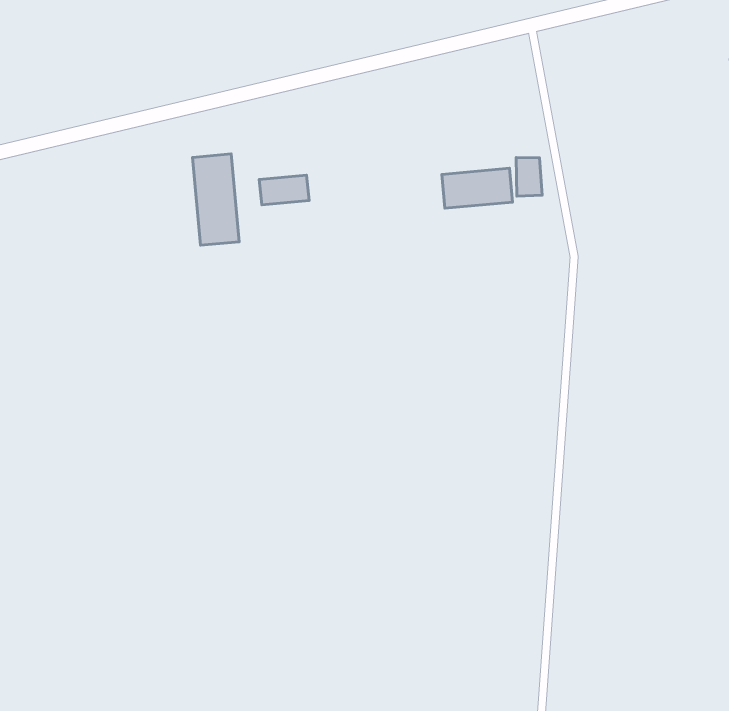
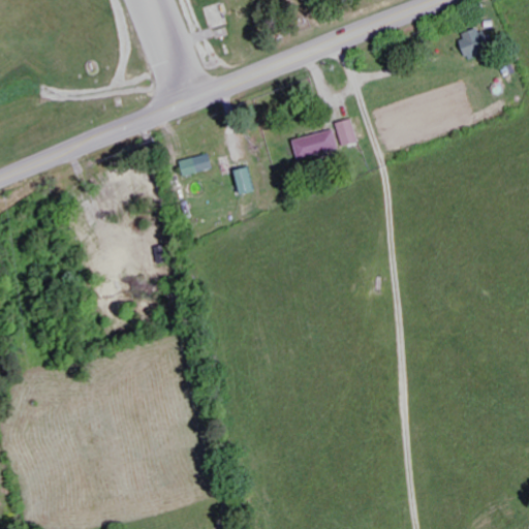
building: [192,154,239,245] -> none
building: none -> [234,166,254,195]

